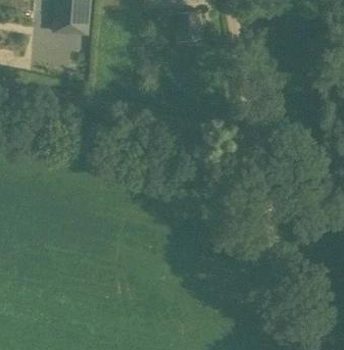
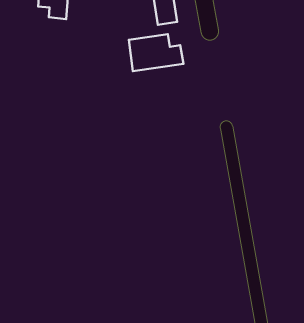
building: none -> [129,34,183,71]

